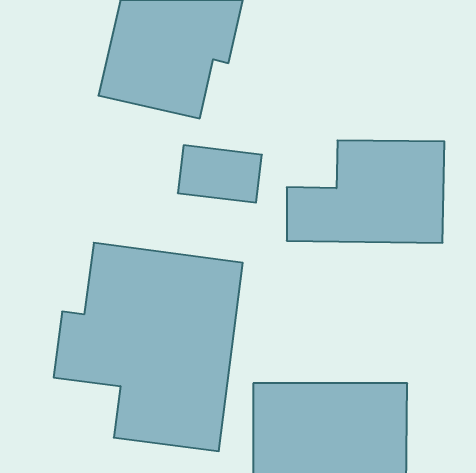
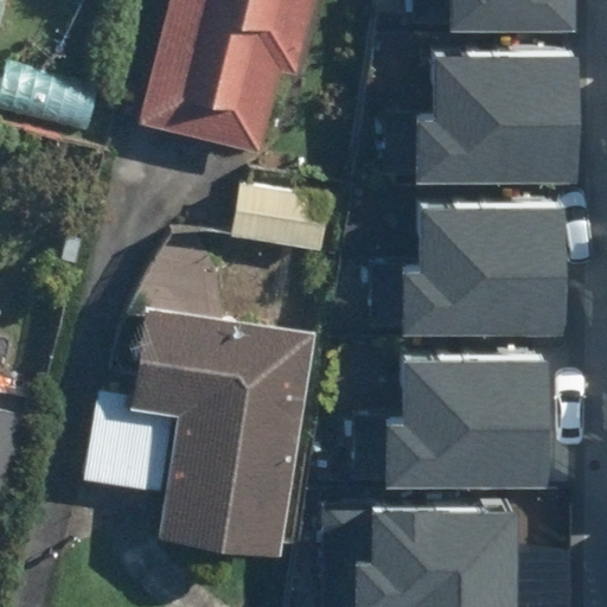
building: none -> [382,45,579,172]
building: none -> [357,349,552,477]

